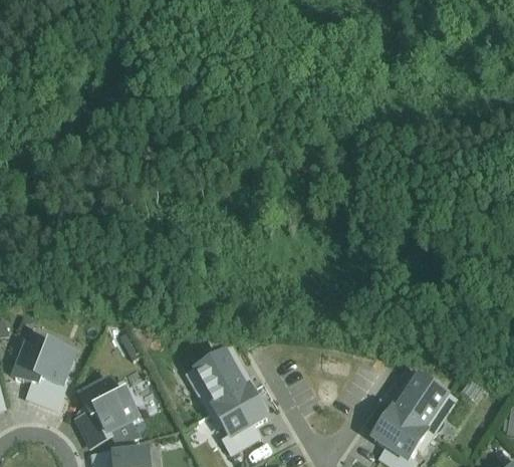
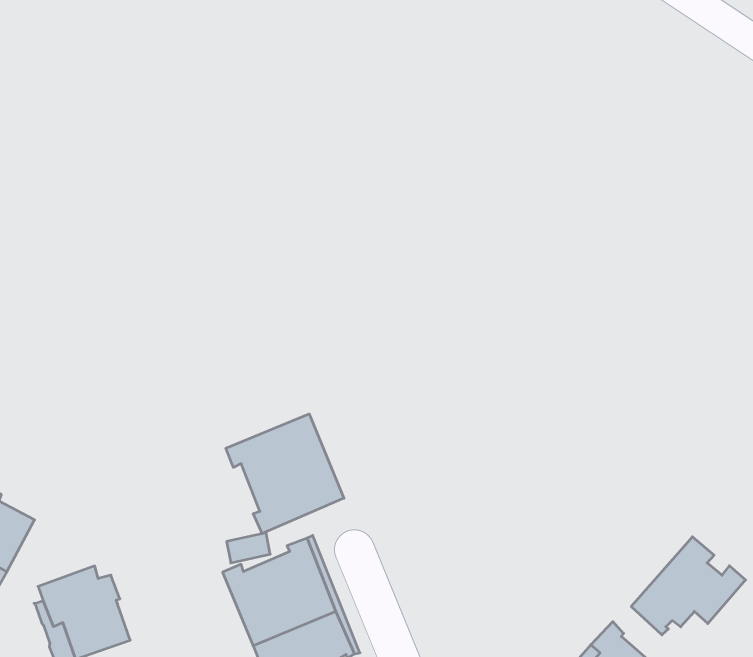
building: none -> [226,414,344,534]
building: none -> [631,537,746,635]

